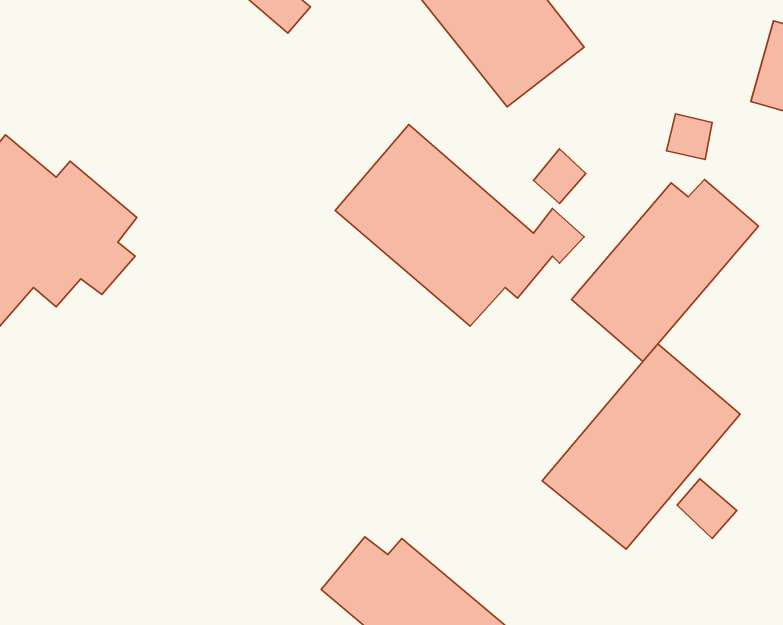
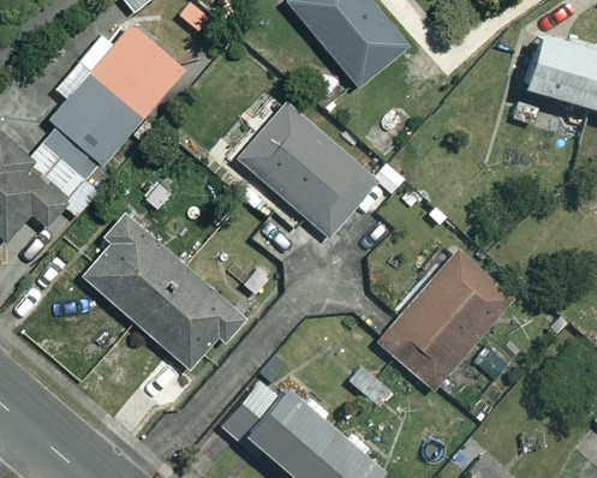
building: none -> [55,23,184,165]
building: [571,180,759,361] -> none
building: none -> [79,217,239,370]

